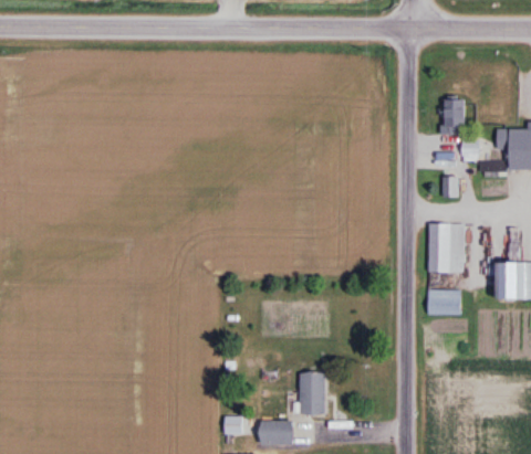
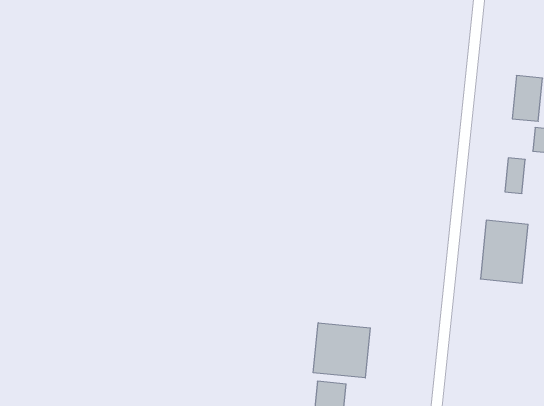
building: [427,291,459,314] -> none
building: none -> [313,323,370,378]

